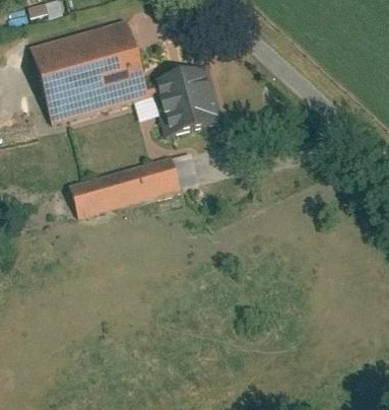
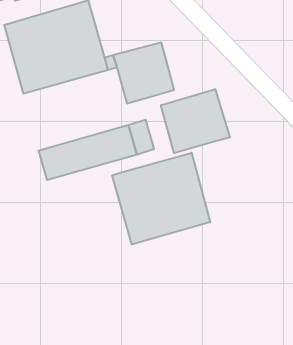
building: none -> [161,89,230,153]
building: none -> [112,153,210,244]

